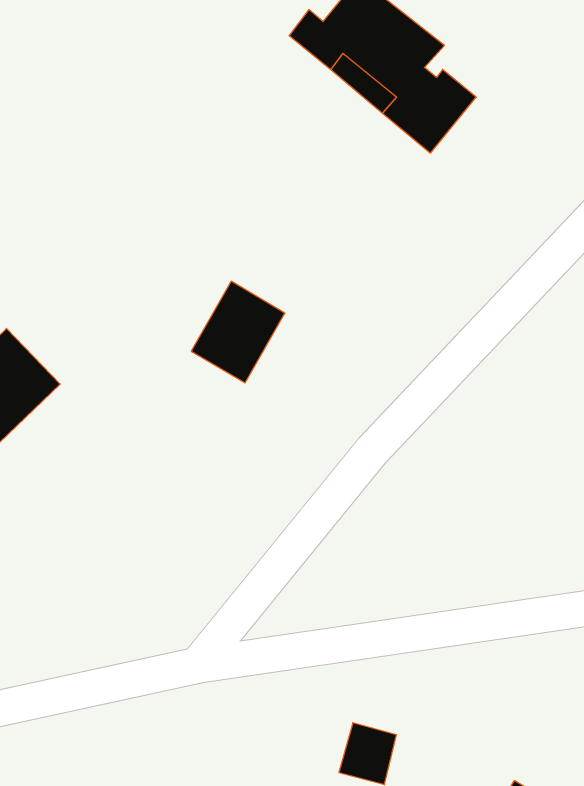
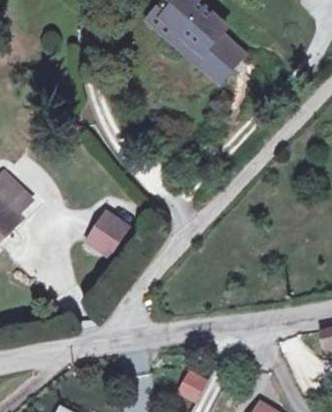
building: [191,281,285,383] -> [77,209,124,261]

